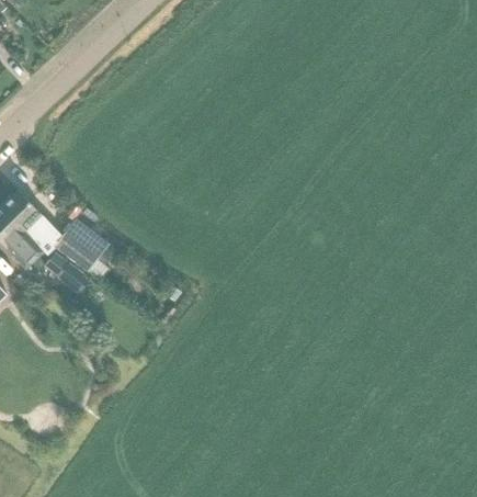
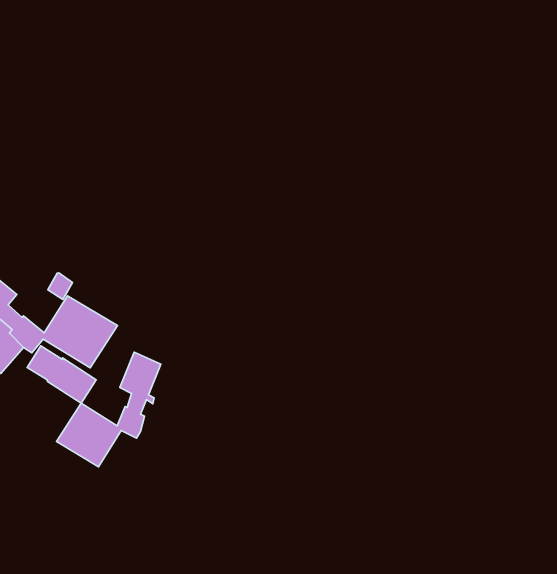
building: none -> [56,352,161,467]

